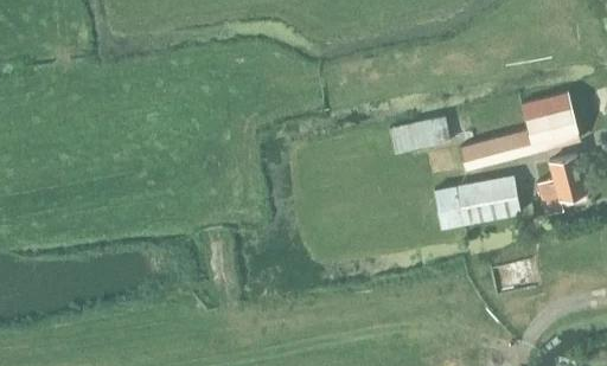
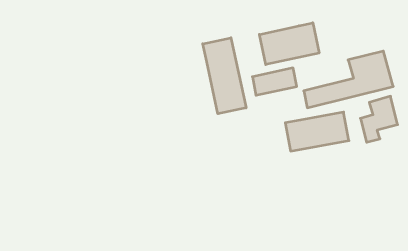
building: none -> [259,23,319,65]
building: none -> [203,38,246,114]

